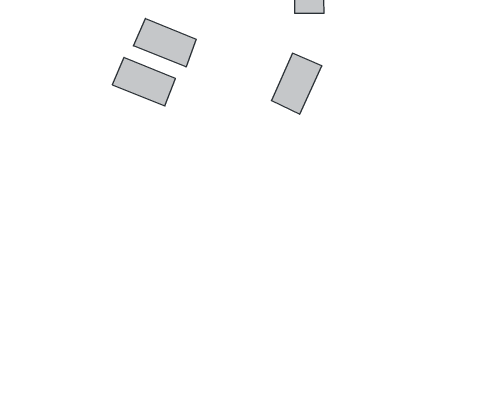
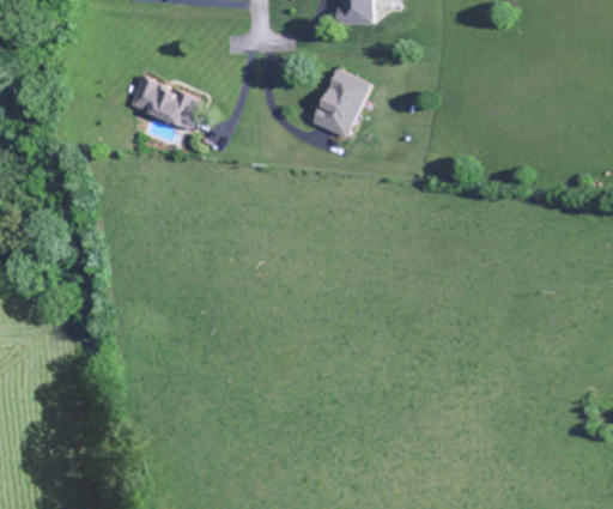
building: [133,18,196,67] -> none

